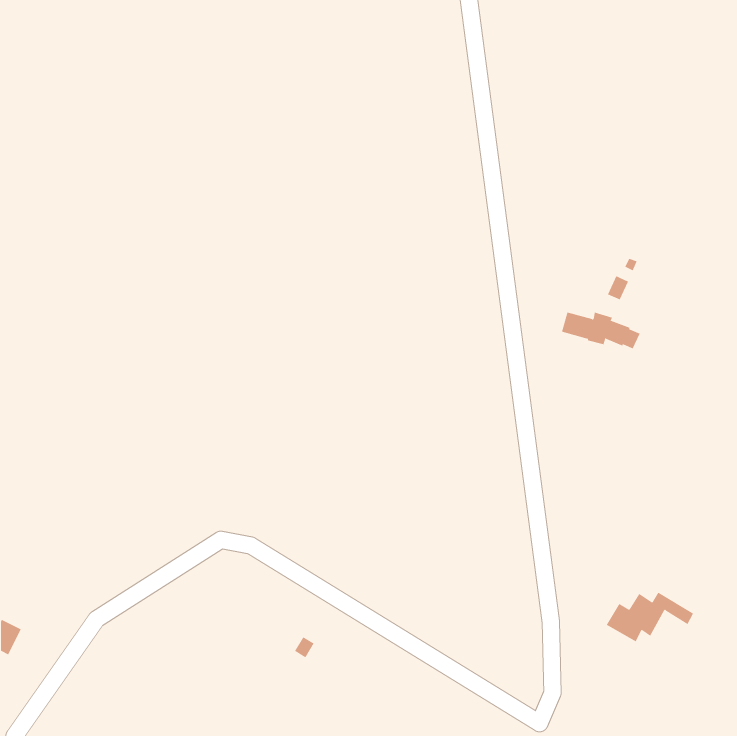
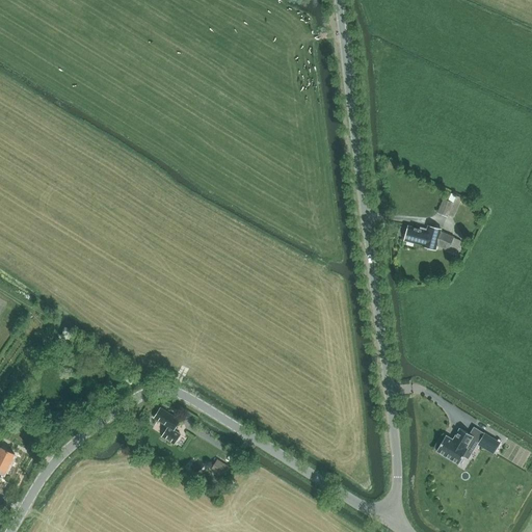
building: none -> [154,406,181,444]

